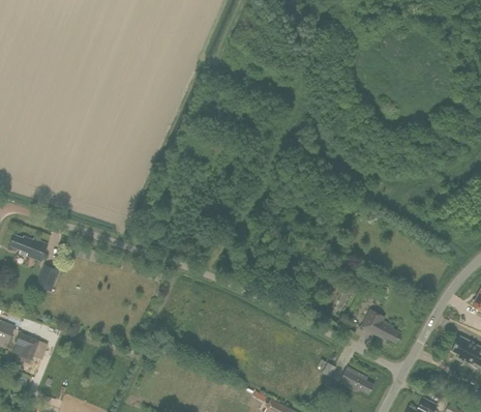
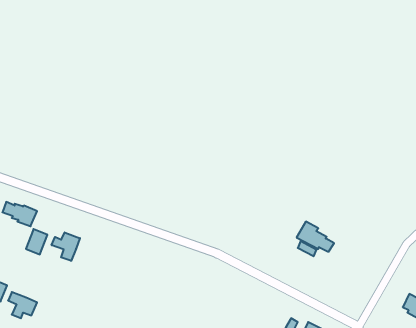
building: none -> [52,232,80,261]
building: [360,310,401,343] -> [297,222,334,252]

